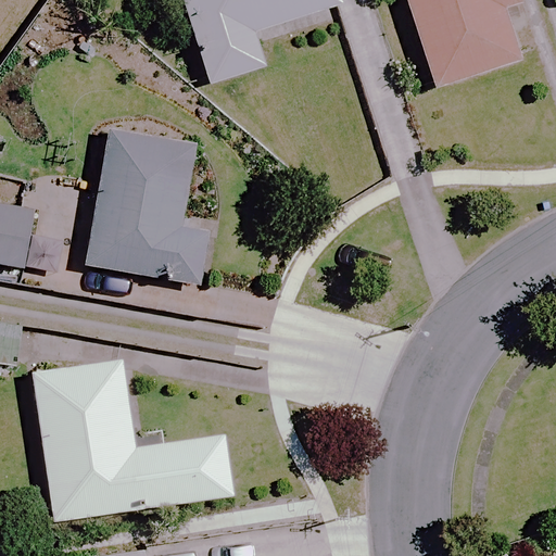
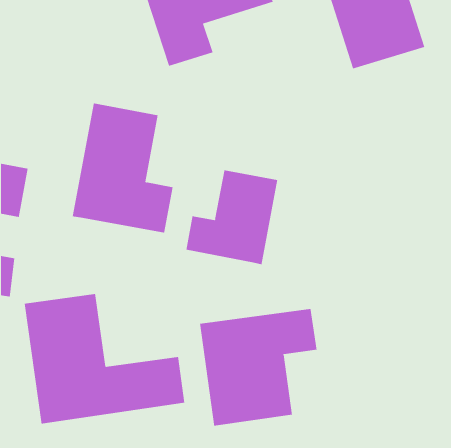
building: none -> [186,169,278,265]
building: none -> [199,308,317,426]

